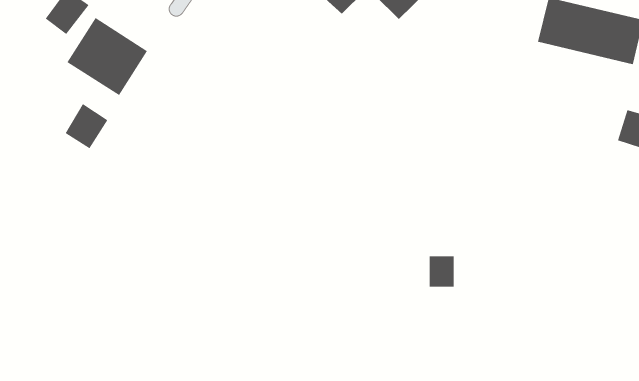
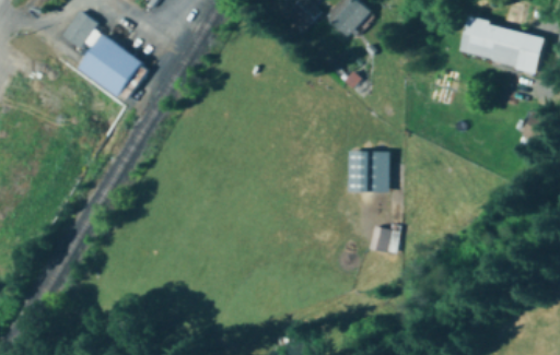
building: [65,103,108,149] -> none
building: none -> [352,151,389,192]

